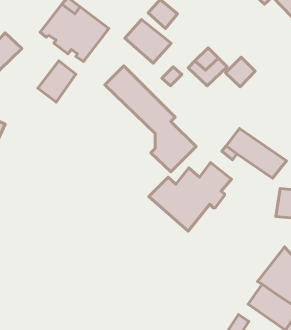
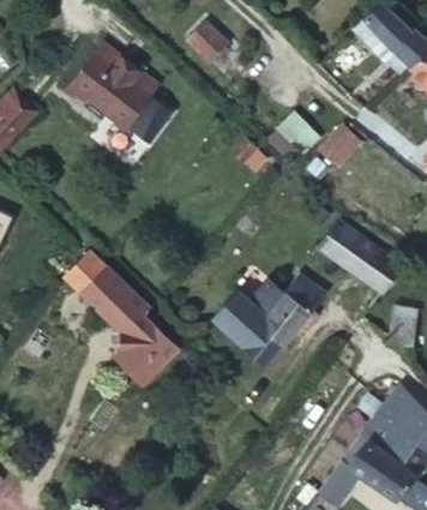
building: [125,19,171,63] -> none
building: [38,61,76,102] -> none
building: [105,66,196,172] -> [62,250,188,396]

